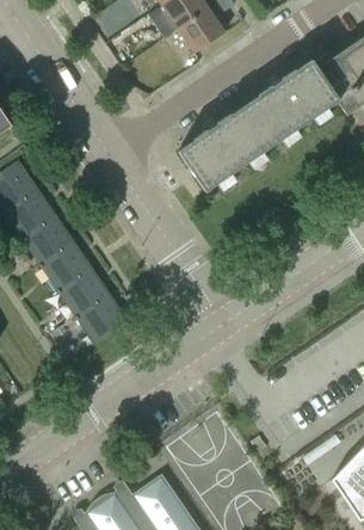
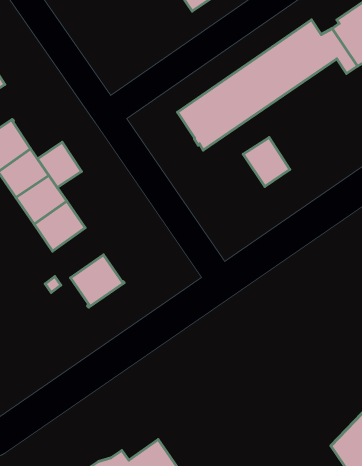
building: none -> [243,138,290,187]
building: none -> [37,142,82,187]
building: [57,264,107,313] -> none

